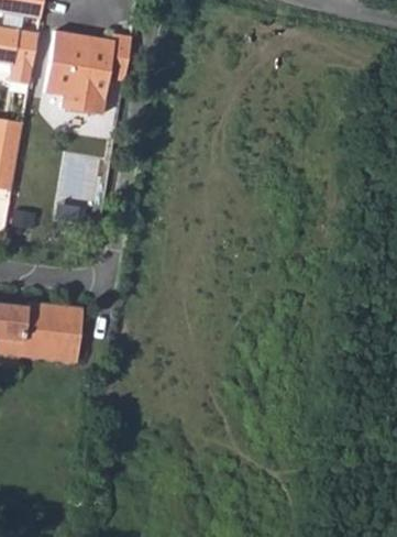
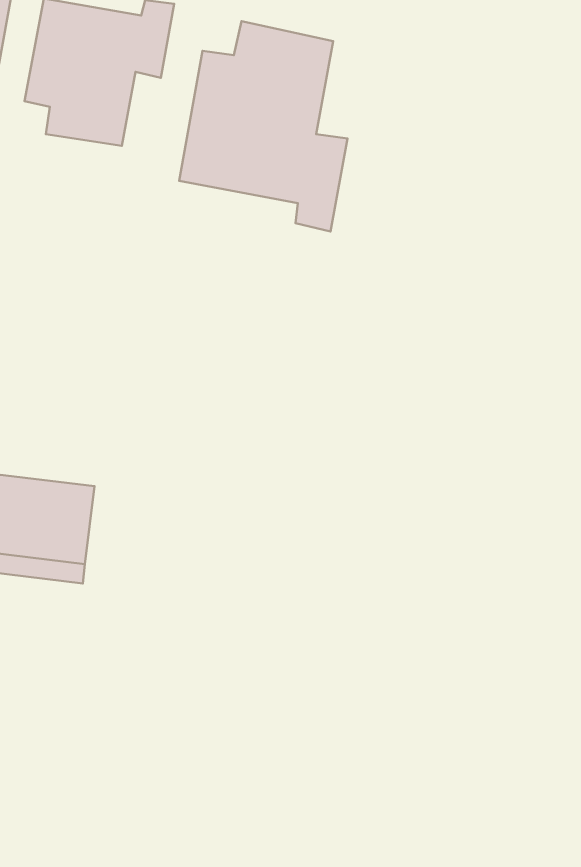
building: none -> [179,21,348,232]

